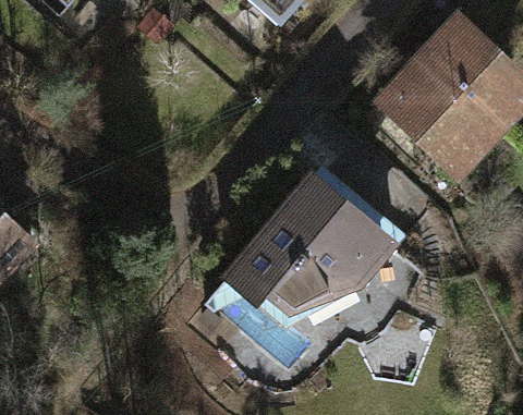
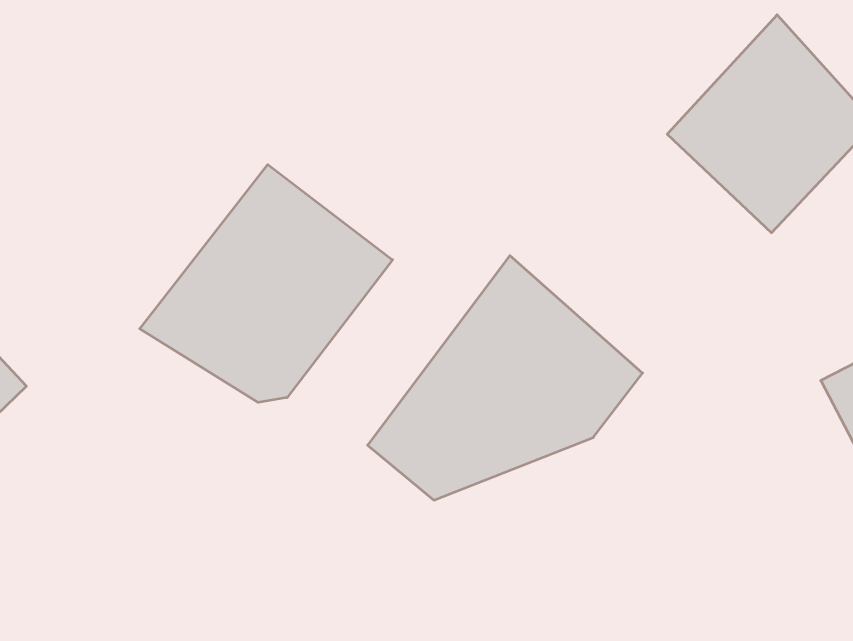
building: none -> [140,165,393,402]

